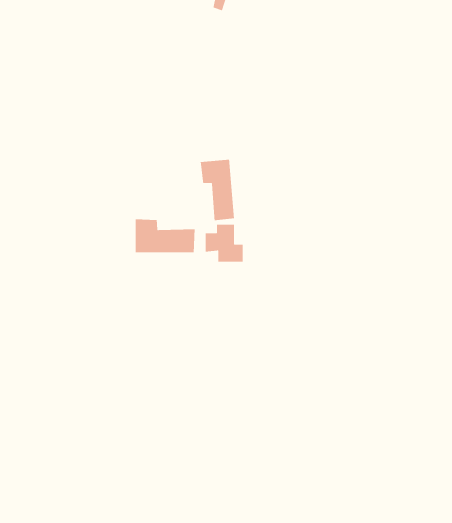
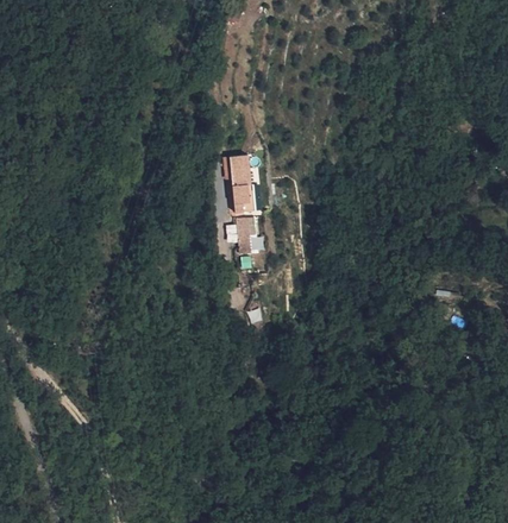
building: [135,219,195,253] -> none

